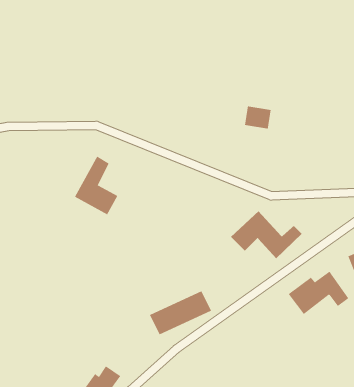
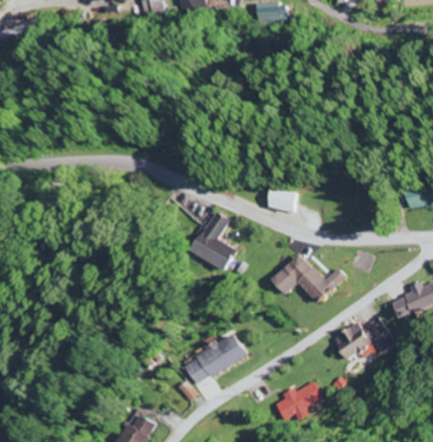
building: [244,106,271,129] -> [275,188,303,212]
building: [74,156,118,215] -> [191,210,236,271]
building: none -> [275,380,323,421]

